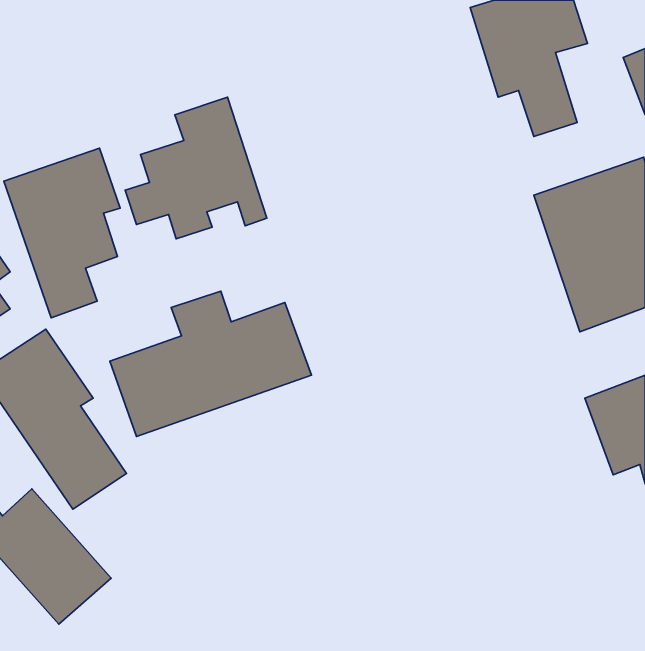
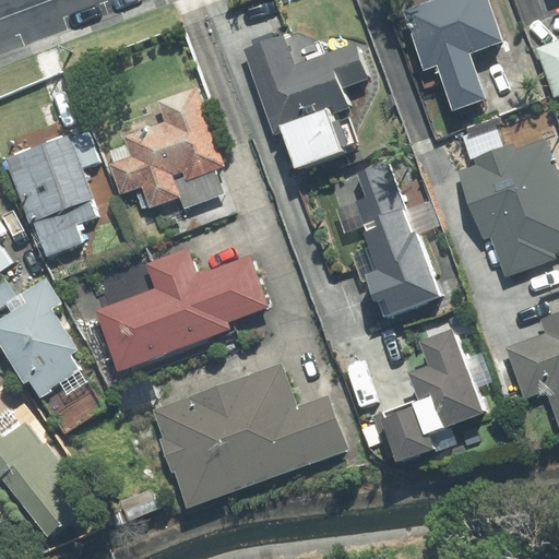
building: none -> [240,36,368,164]
building: none -> [356,160,442,319]
building: none -> [373,326,490,466]
building: none -> [151,362,347,503]

